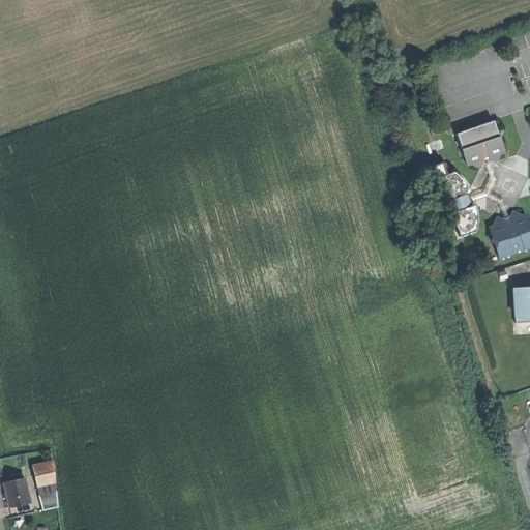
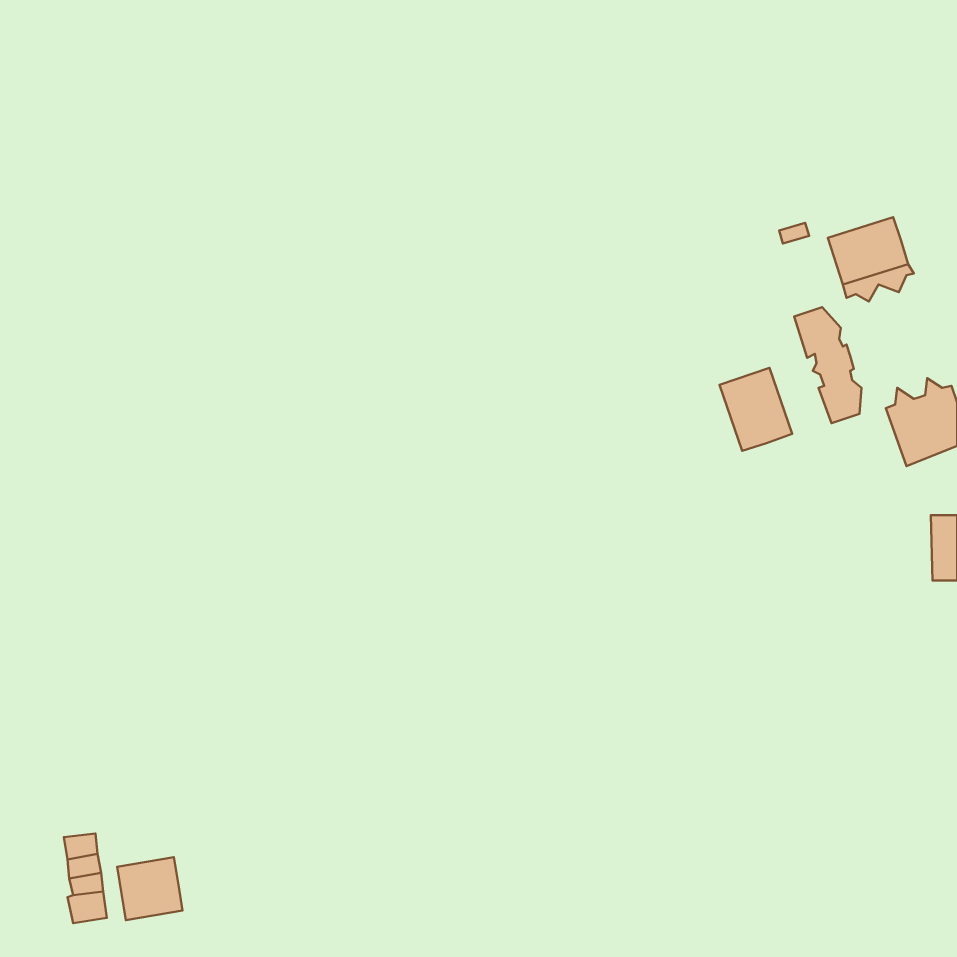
building: none -> [719,368,792,451]
building: none -> [117,857,183,920]
building: [7,479,31,507] -> none

